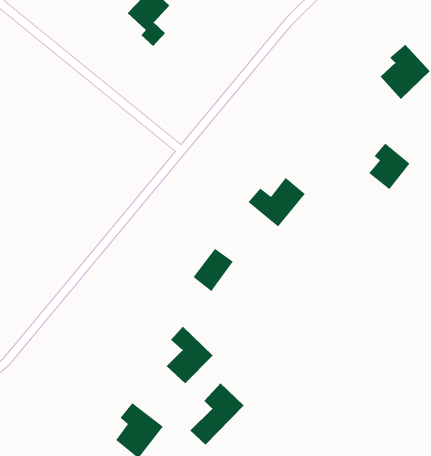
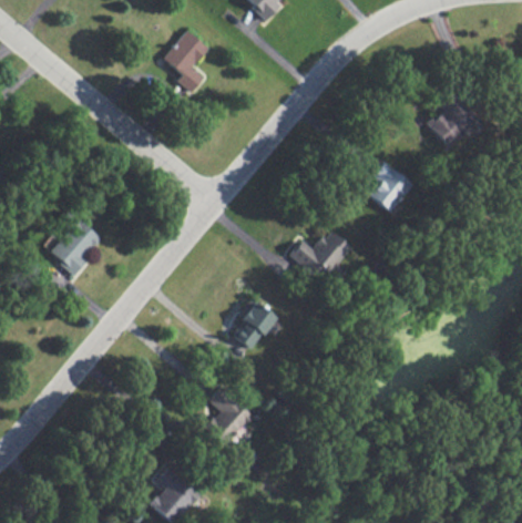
building: [368,143,411,190] -> [367,161,411,211]
building: none -> [50,214,103,273]
building: [190,383,244,445] -> none

